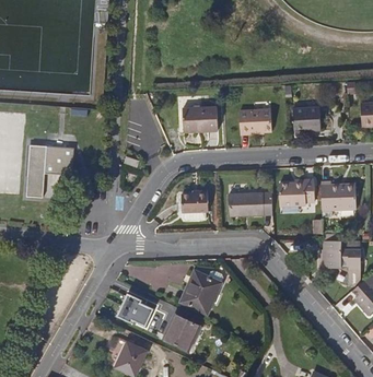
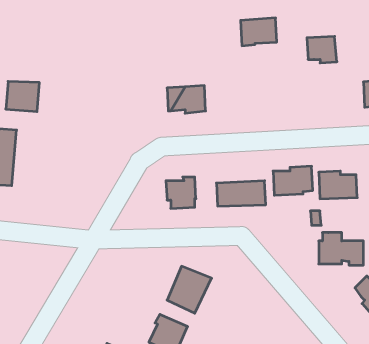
building: [292,106,319,130] -> [307,36,337,63]
building: [237,109,270,134] -> [241,18,277,46]
building: [43,148,73,175] -> [6,81,39,112]
building: [117,293,154,326] -> none

